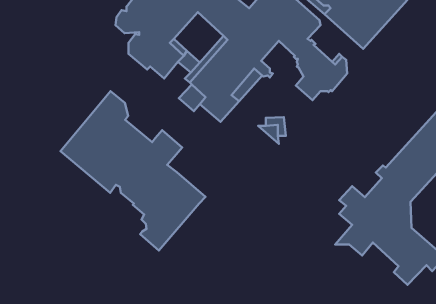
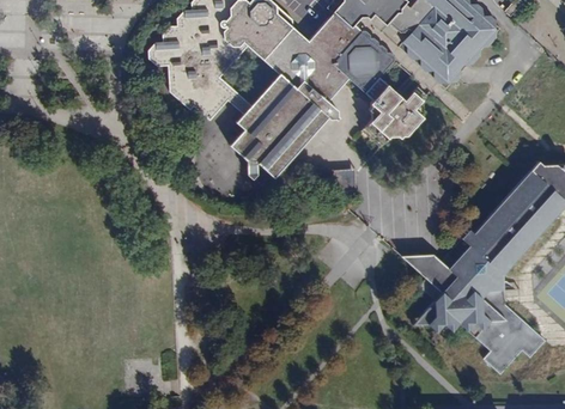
building: [60,91,205,250] -> none

